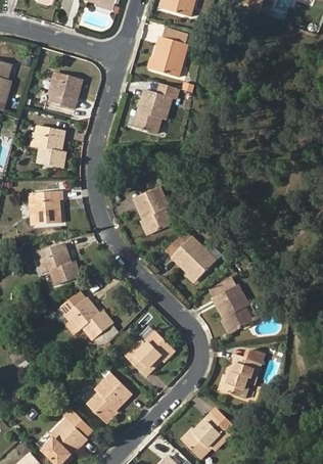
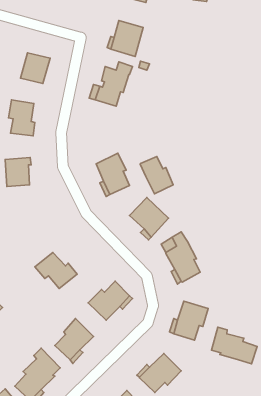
building: none -> [140,156,173,194]
building: [39,243,81,284] -> none
building: none -> [212,327,257,364]

